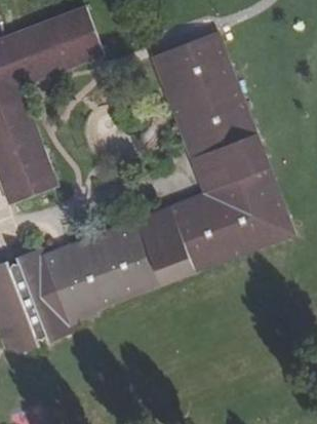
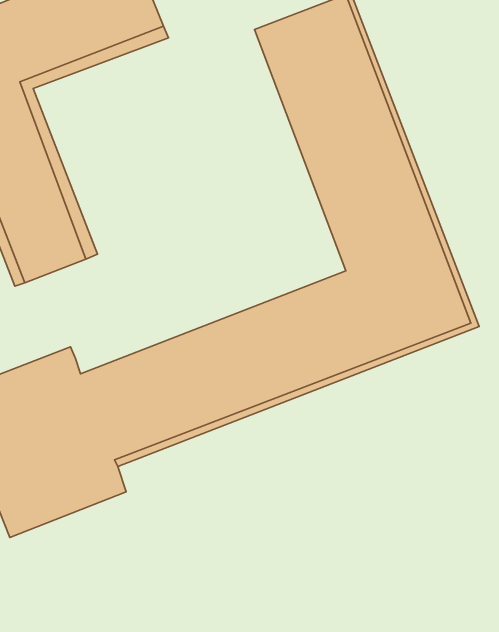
building: [49,50,213,260] -> none

